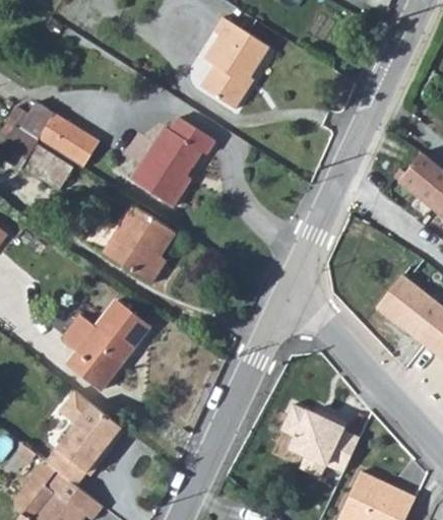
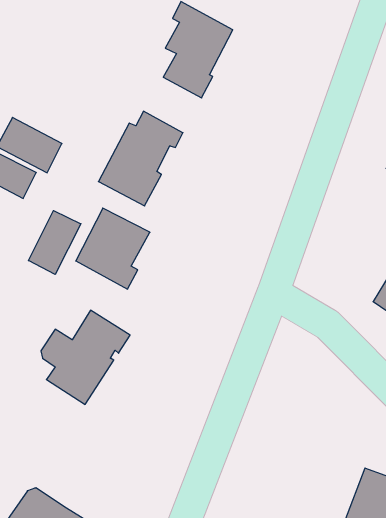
building: none -> [28,211,81,274]
building: [46,389,126,484] -> none
building: [281,403,361,477] -> none

